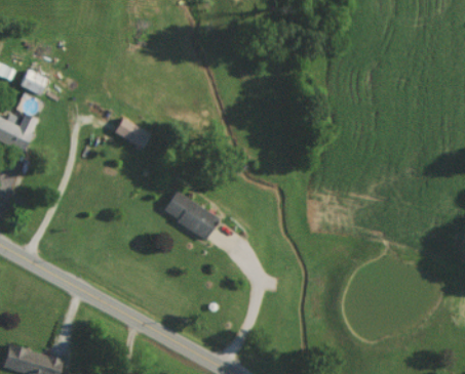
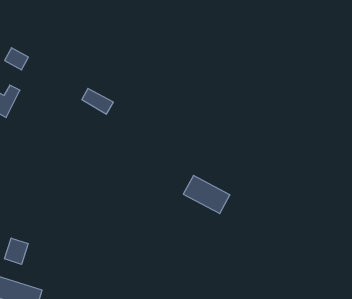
building: [161,191,218,237] -> [183,175,230,214]
building: none -> [5,238,28,264]

